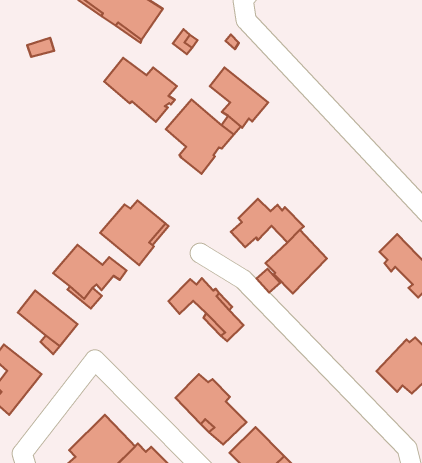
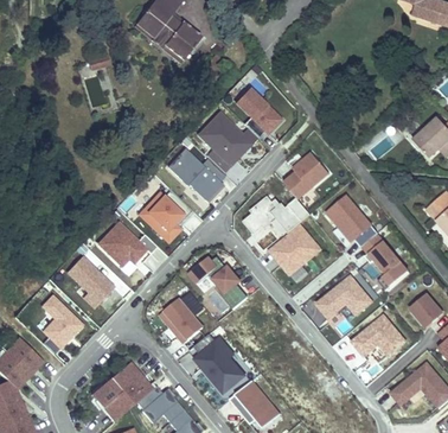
building: [104,58,177,122] -> [167,148,225,202]
building: none -> [283,152,328,199]
building: none -> [326,195,378,246]
building: none -> [316,275,371,325]
building: none -> [159,298,203,343]

